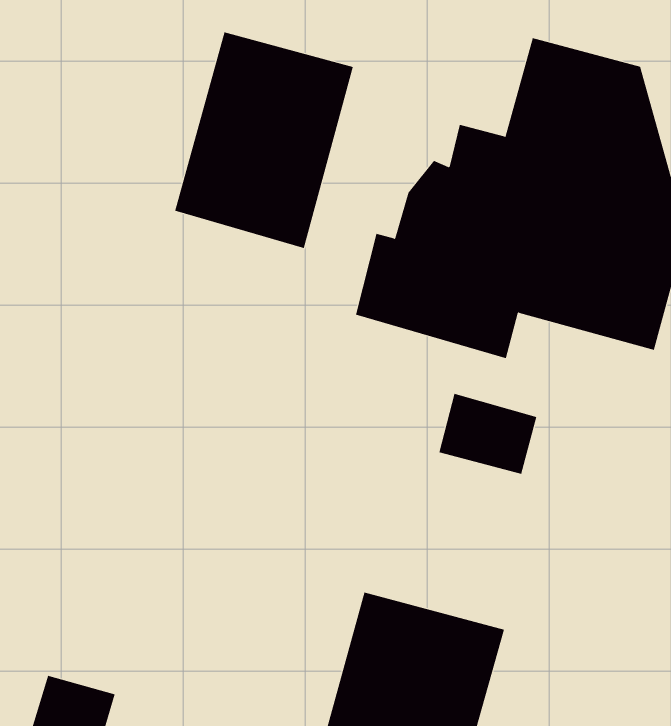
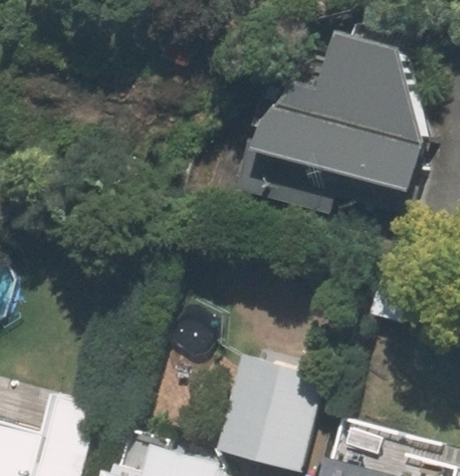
building: [175,31,354,249] -> none

